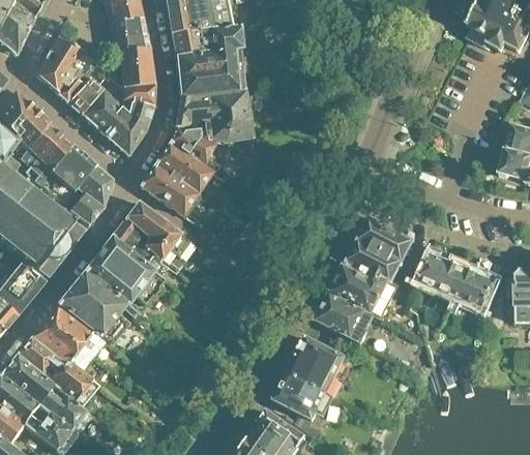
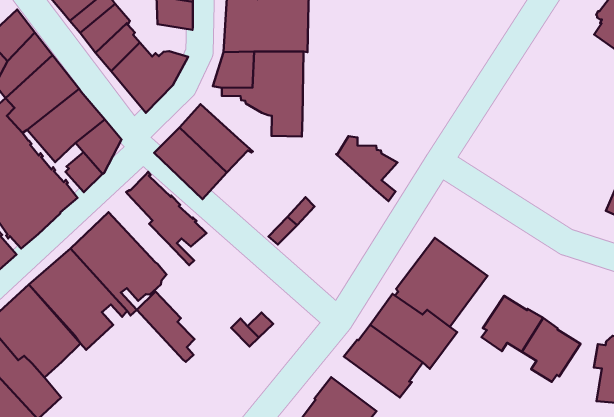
building: [118,84,153,105] -> none
building: [169,125,219,171] -> [336,136,398,201]
building: [111,219,160,270] -> [137,292,195,362]

